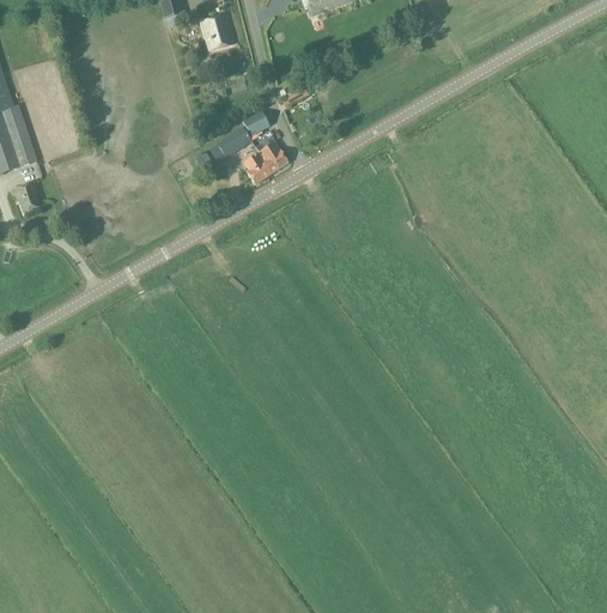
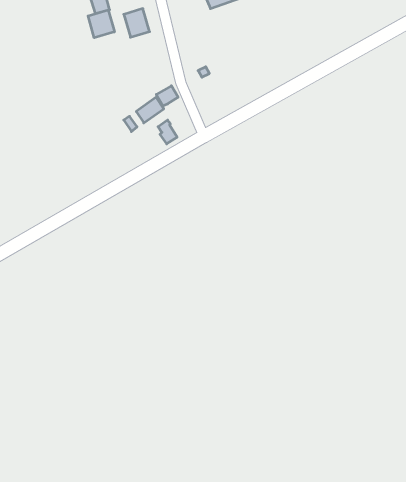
building: none -> [88,10,114,38]
building: [255,140,286,175] -> none

